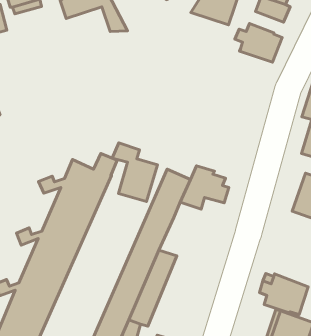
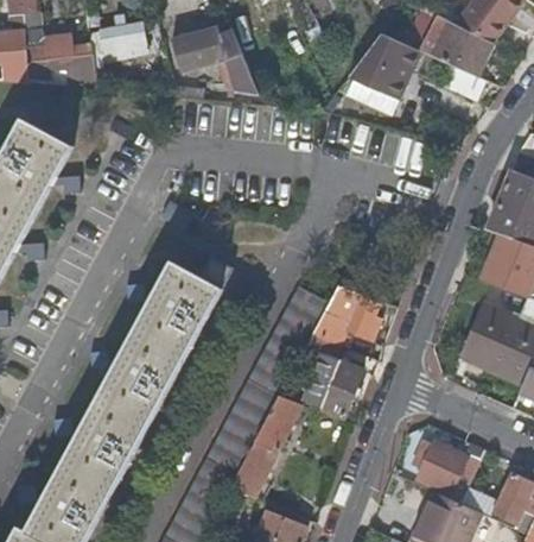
building: [235,24,282,62] -> none
building: [112,143,157,202] -> [303,332,363,415]

